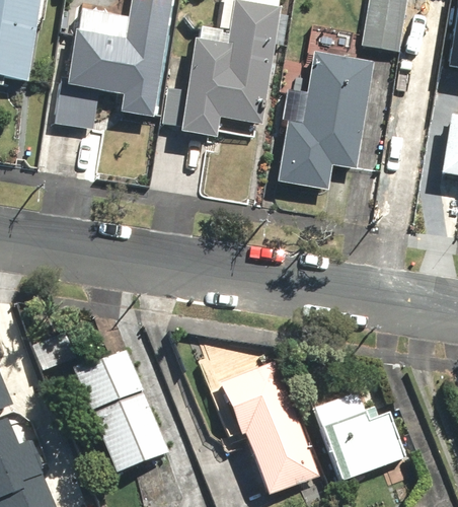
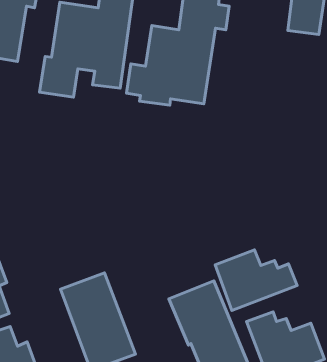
building: [275,53,372,190] -> none
building: none -> [215,250,297,311]

